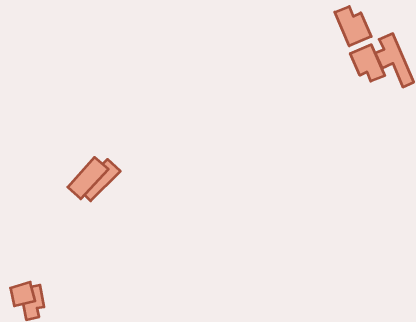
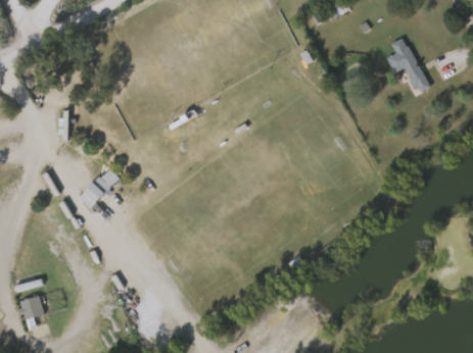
building: [335,6,371,46] -> none
building: [350,45,385,81] -> none

